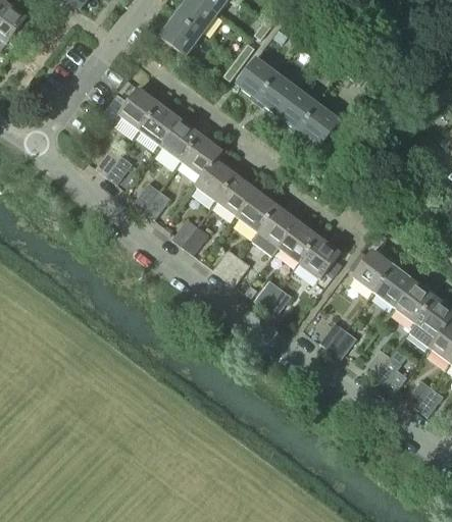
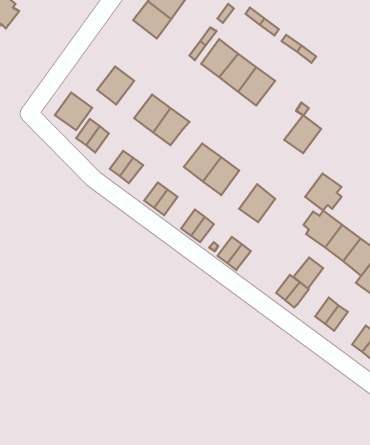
building: [140,104,181,146] -> none
building: [298,104,340,147] -> [284,115,321,153]
building: none -> [55,93,92,130]
building: [195,158,237,201] -> none
building: [251,205,299,255] -> none
building: [300,237,341,278] -> [305,173,341,210]
building: none -> [294,257,323,288]

